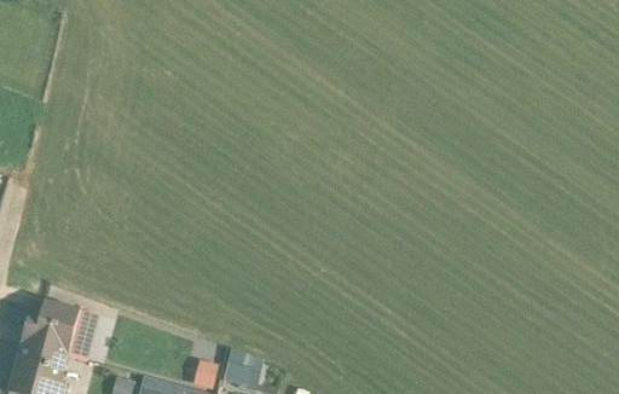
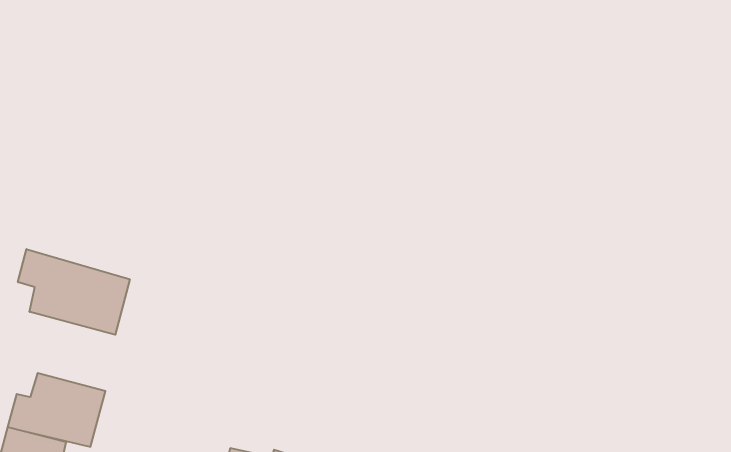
building: none -> [18,249,130,335]

